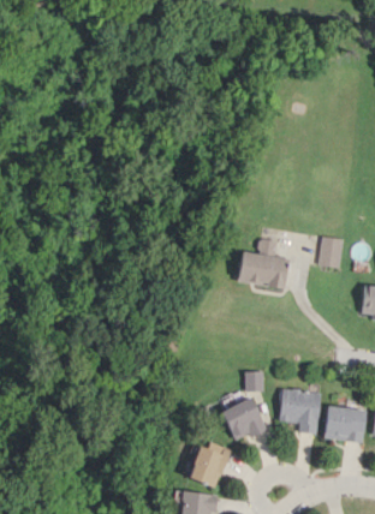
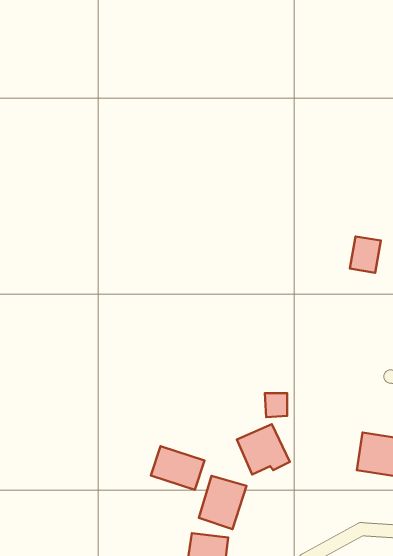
building: [236,239,287,288] -> none
building: [279,389,320,434] -> none
building: none -> [151,446,205,490]

